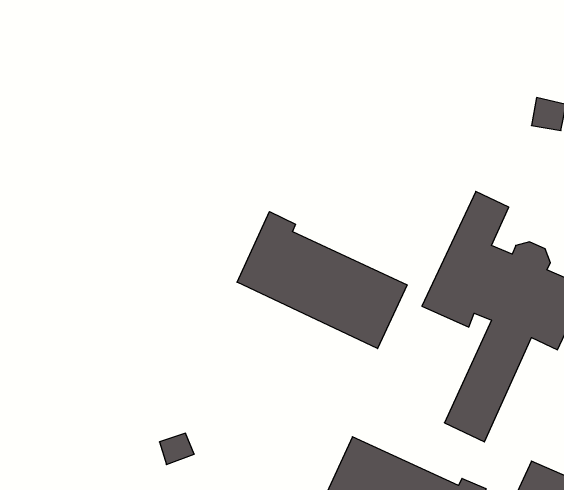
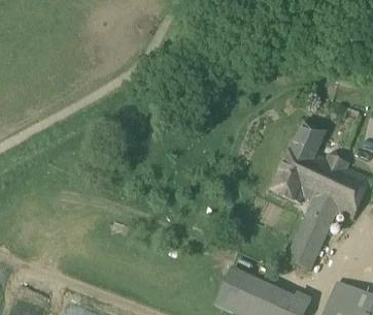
building: [237,212,407,349] -> none

